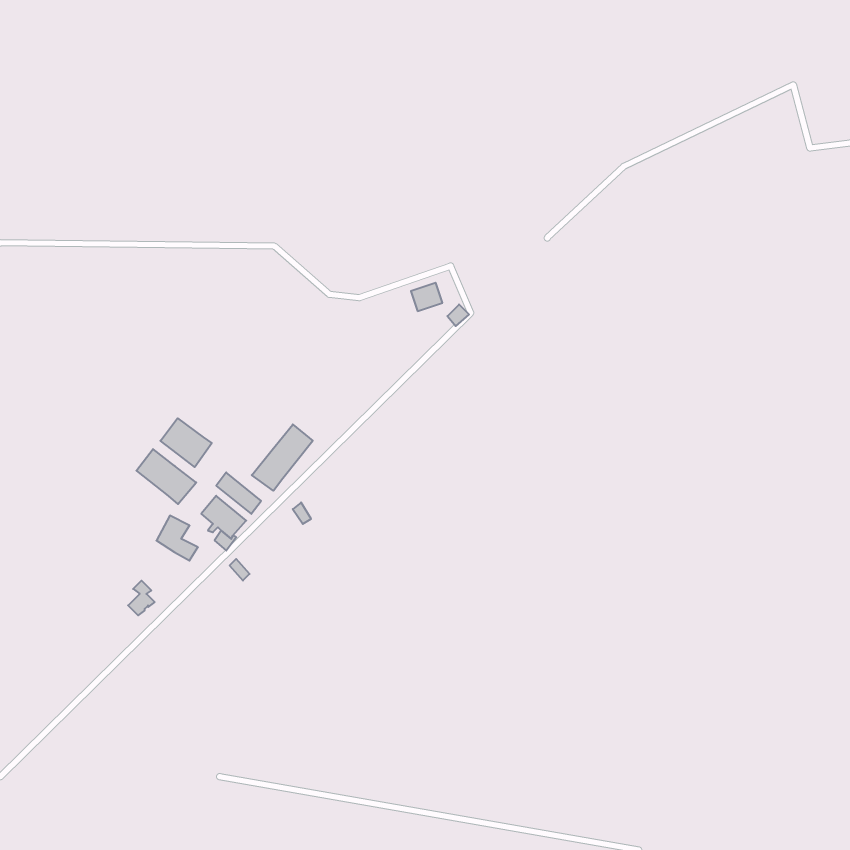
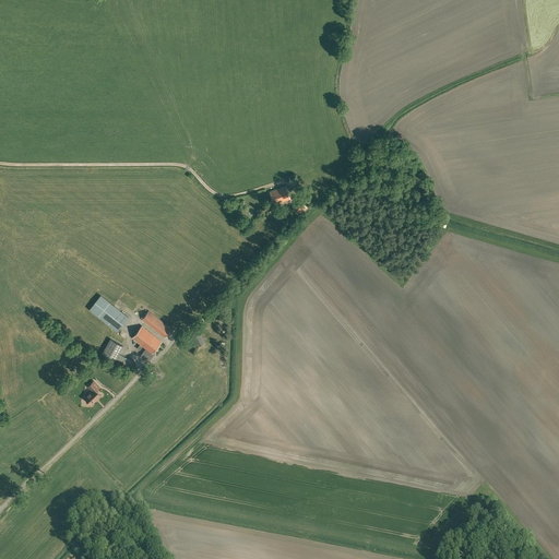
building: [160,418,212,467] -> none
building: [252,424,313,491] -> none

